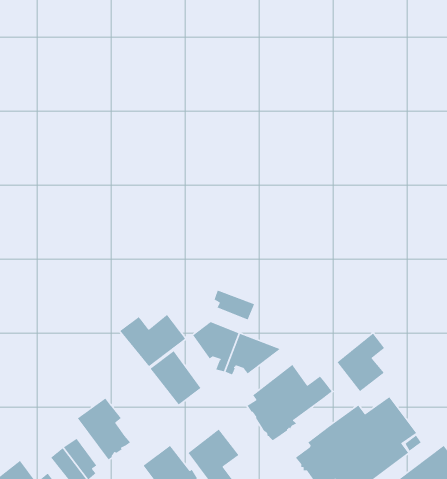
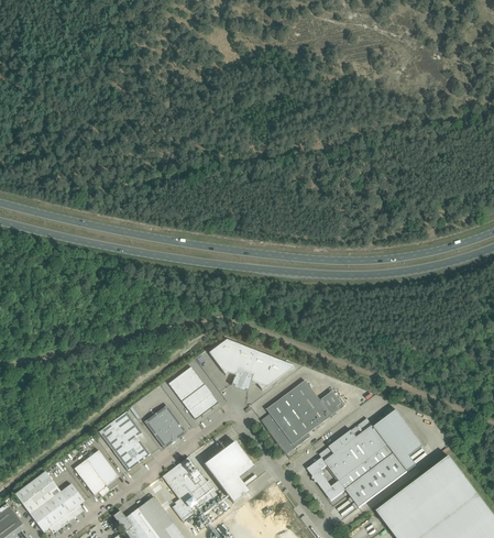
building: [213,289,255,321] -> none
building: [119,314,186,367] -> none
building: [337,333,385,392] -> none
building: none -> [144,405,187,449]

